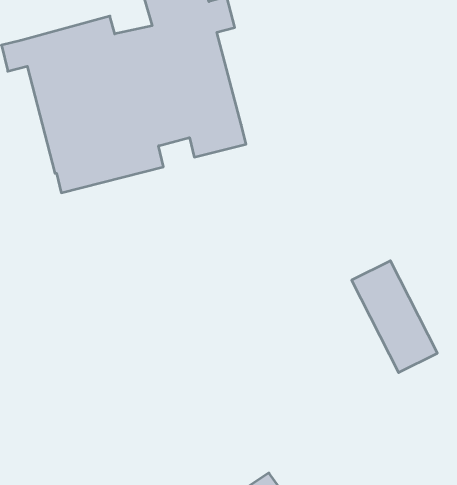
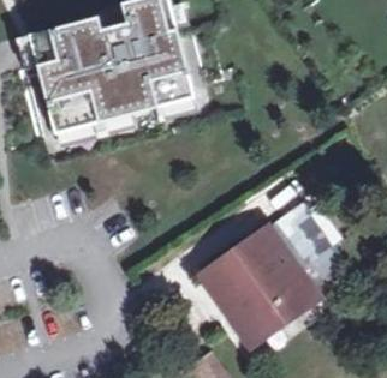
building: none -> [198,228,315,346]

